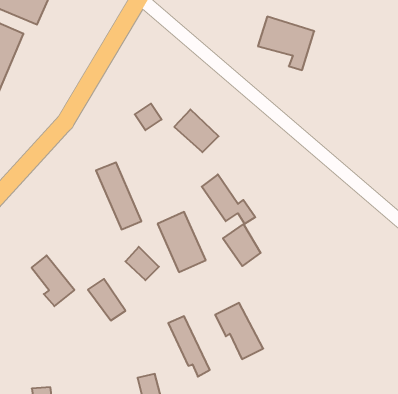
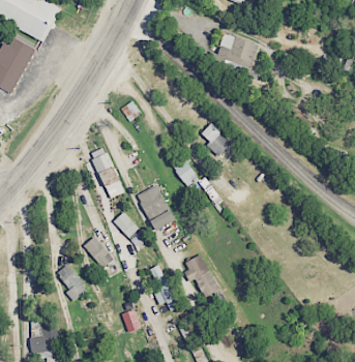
building: [174,109,219,152] -> [198,123,232,156]
building: [223,224,261,266] -> none
building: [32,255,74,306] -> [56,264,89,303]

